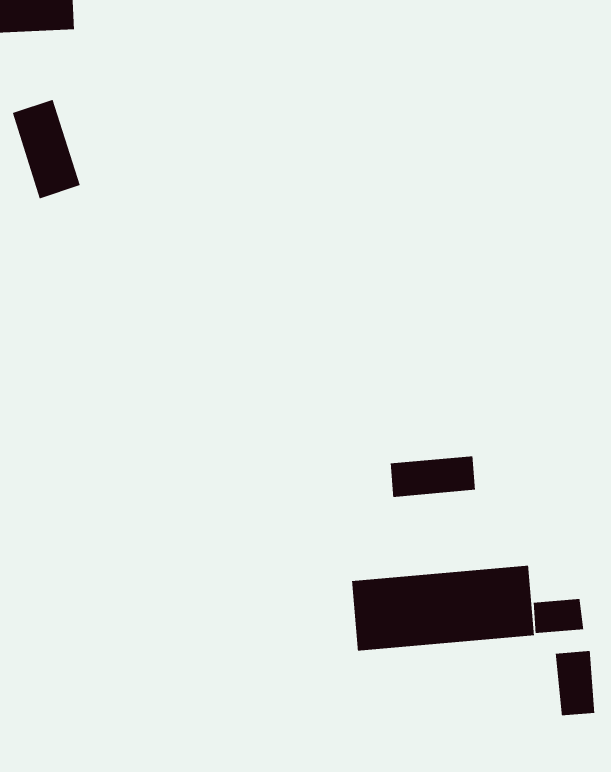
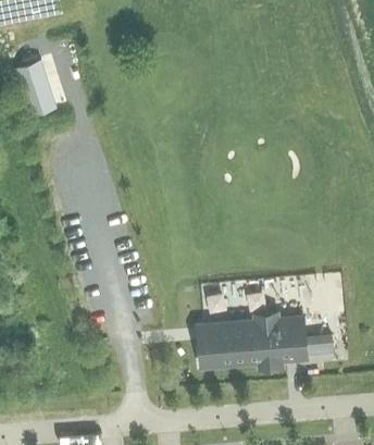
building: [390,455,476,498] -> none
building: [555,650,595,716] -> none

